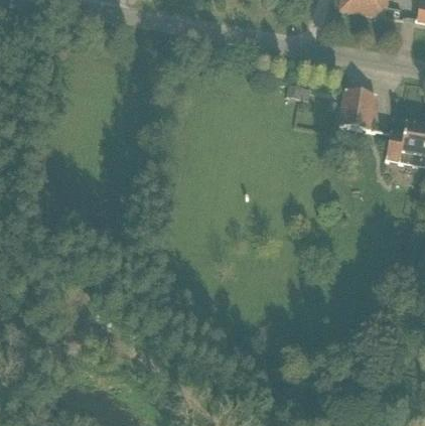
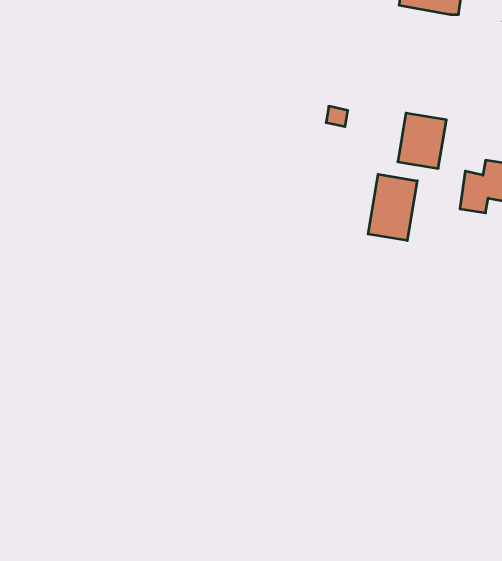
building: none -> [368,174,417,241]

